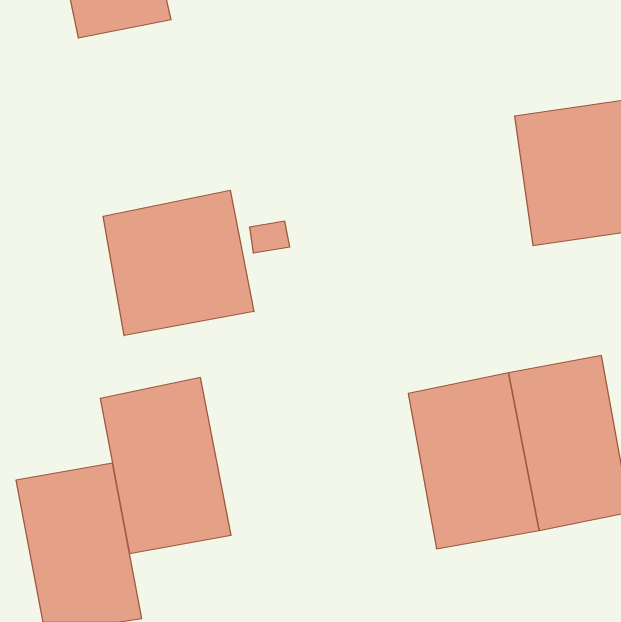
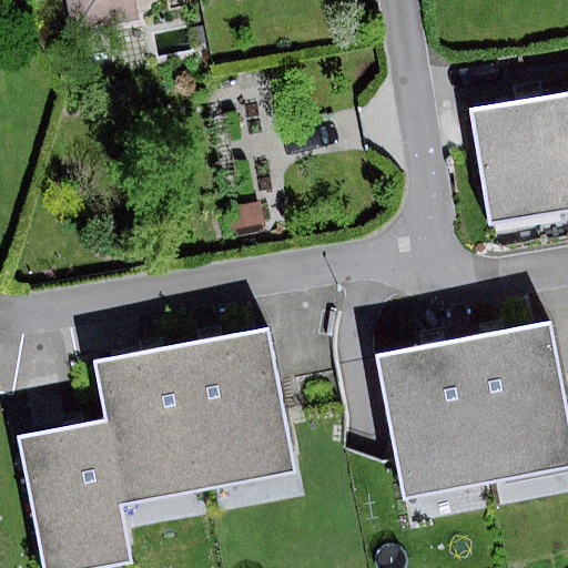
building: [103,190,254,336] -> none
building: none -> [185,327,296,486]

